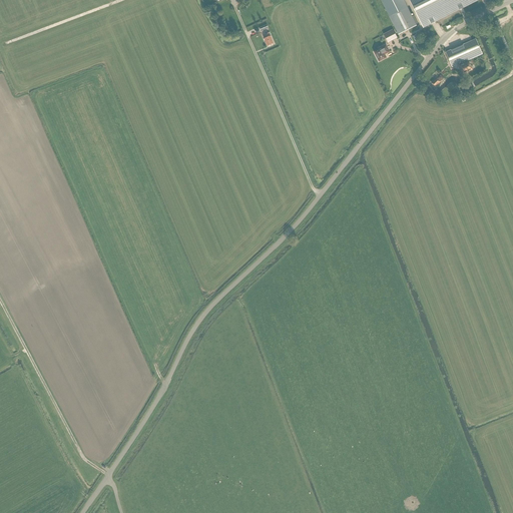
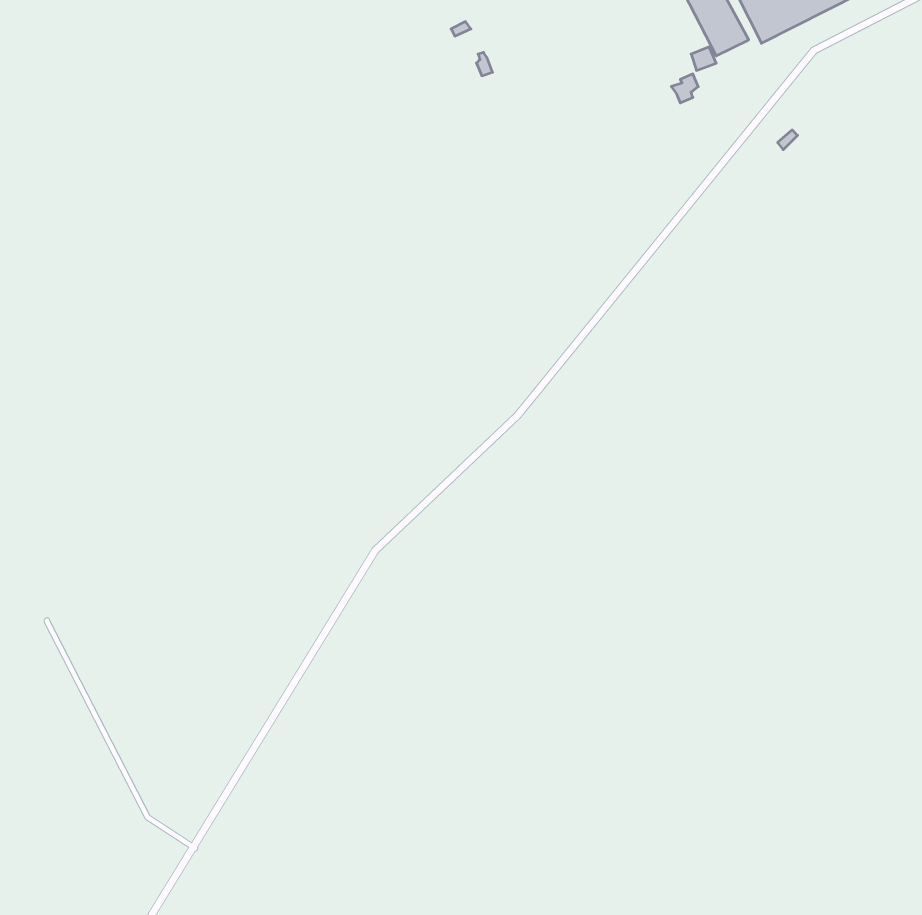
building: [446,35,482,70] -> none

